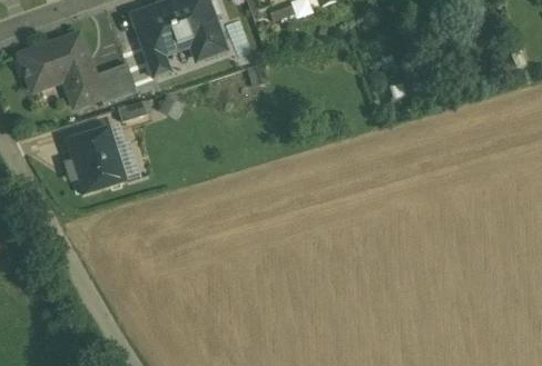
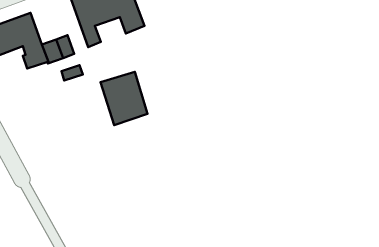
building: [66,126,127,195] -> [100,72,148,125]

